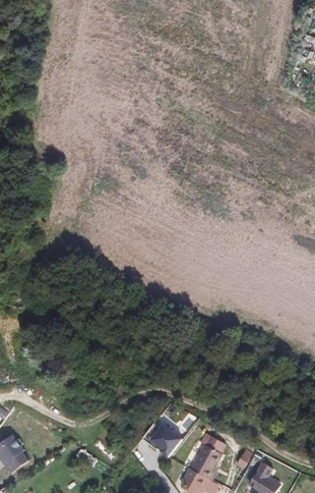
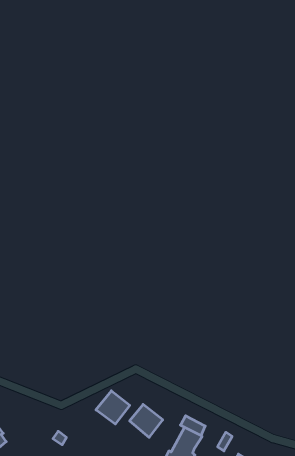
building: none -> [96,391,130,424]

